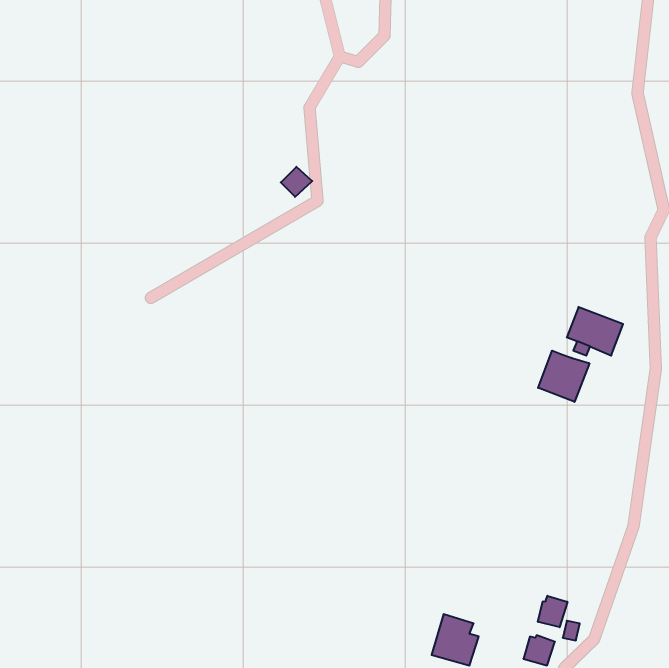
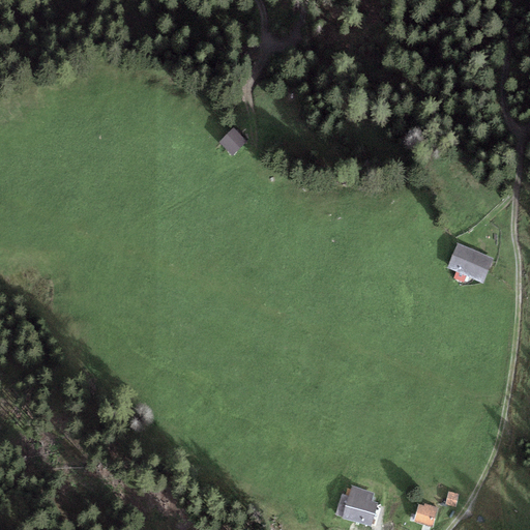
building: [538,351,589,402] -> none
building: [538,596,567,627] -> none

